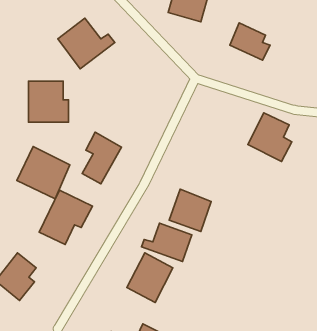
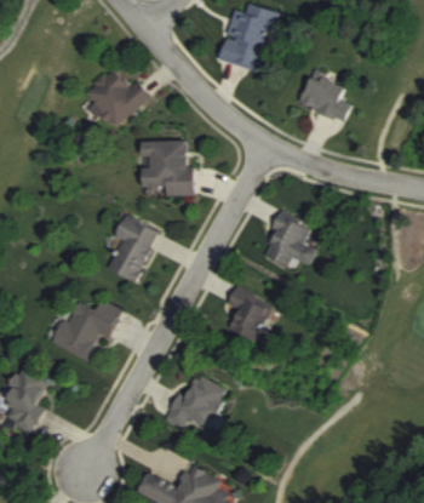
building: [28,81,69,122] -> [143,142,195,195]
building: [248,113,292,161] -> [259,212,316,275]
building: [17,147,70,199] -> none
building: [141,223,192,261] -> none

